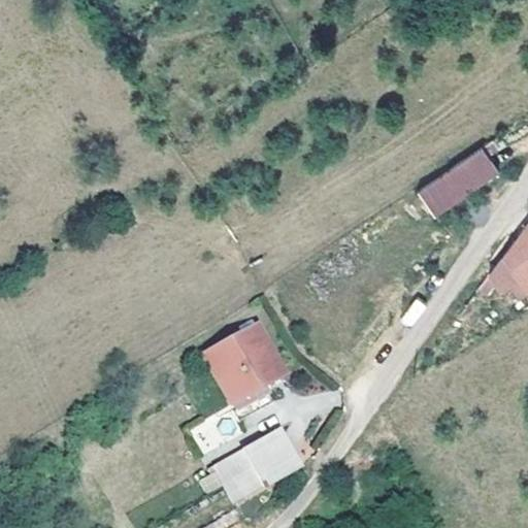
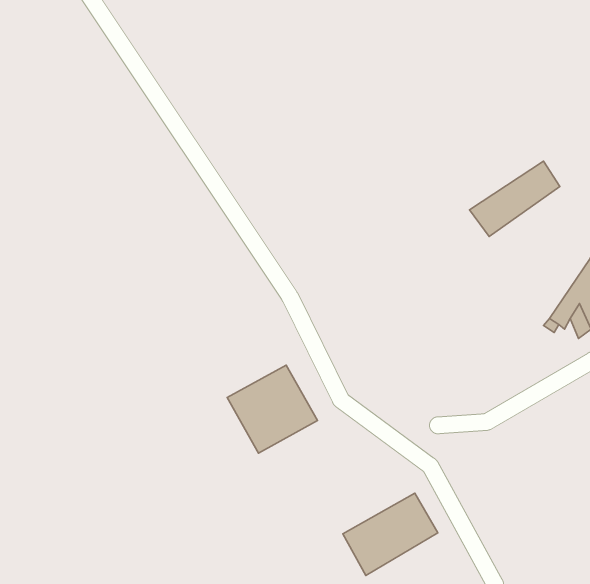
building: [214,430,299,503] -> [343,493,438,576]

